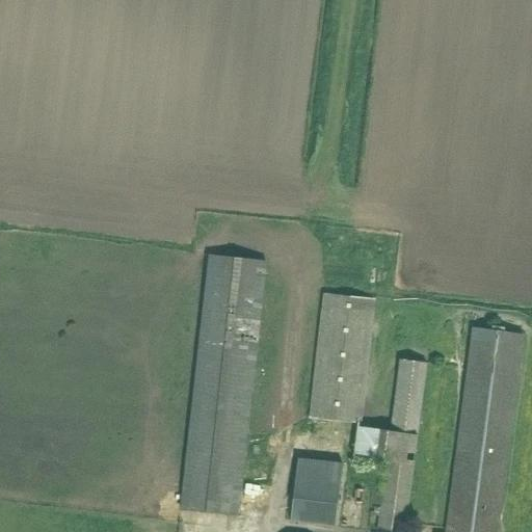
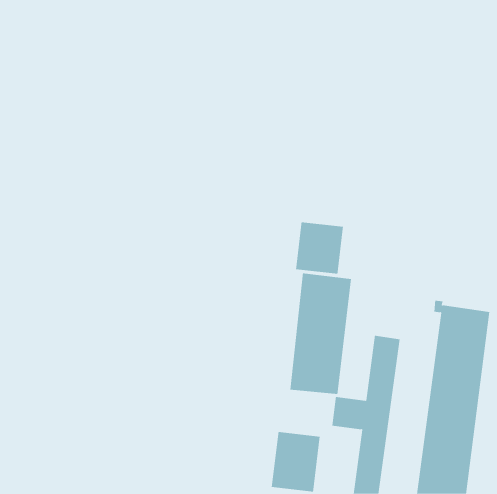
building: none -> [296,222,343,274]
building: [182,254,266,513] -> none

